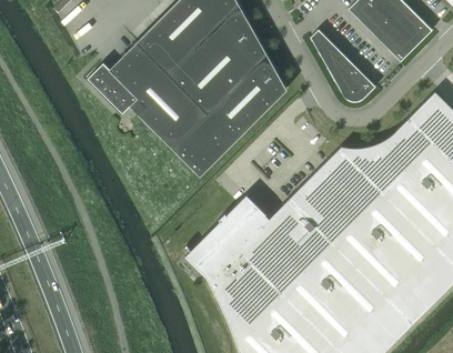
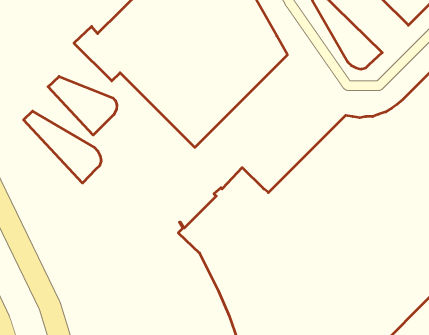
building: none -> [48,76,117,135]
building: none -> [24,111,101,183]

